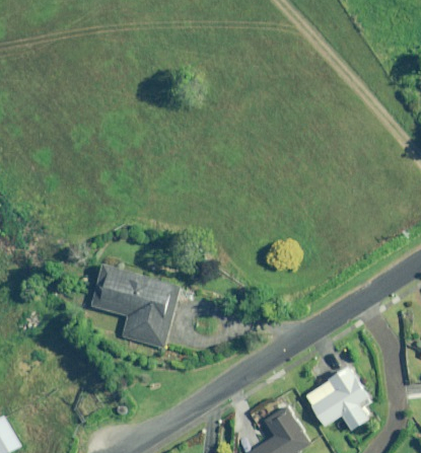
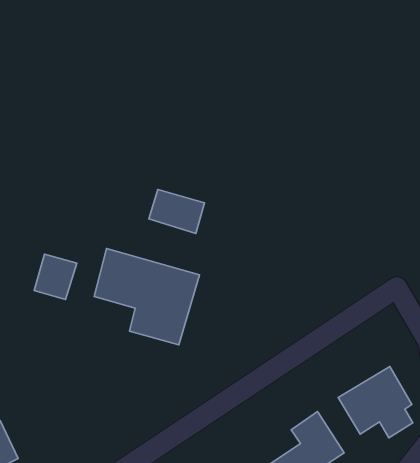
building: none -> [149,189,204,233]
building: none -> [34,254,77,300]

